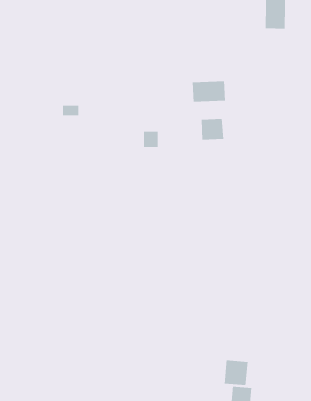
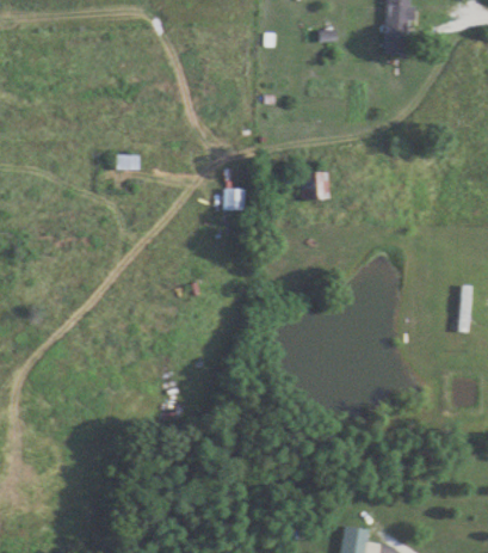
building: [192,80,225,102] -> none
building: [224,360,248,386] -> none

